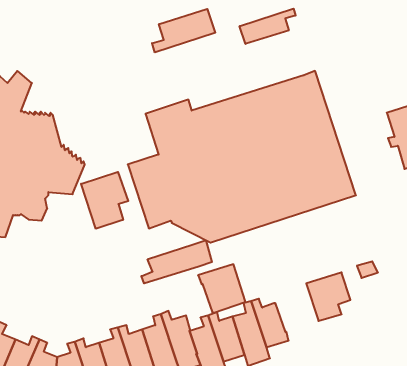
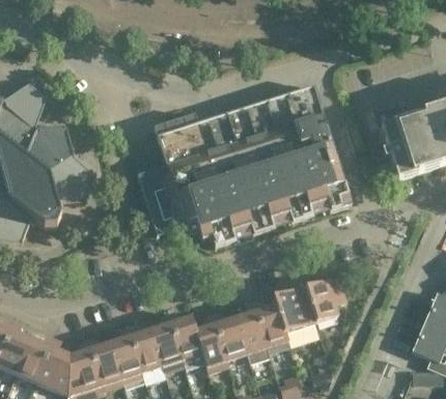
building: [240,9,296,44] -> none
building: [152,9,215,52] -> none
building: [81,172,128,229] -> none
building: [141,240,212,283] -> none
building: [198,264,245,313] -> [272,285,316,331]

